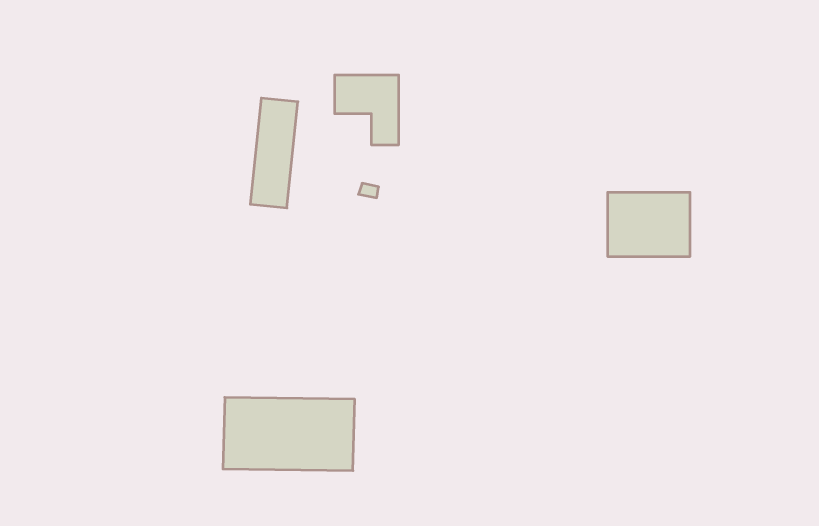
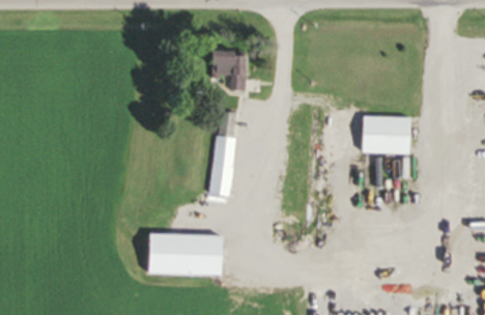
building: [250,98,298,208] -> [209,134,236,196]

